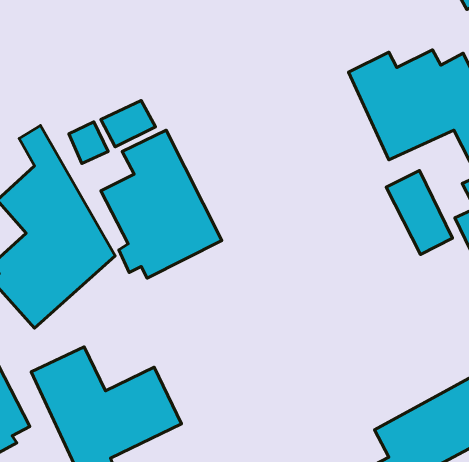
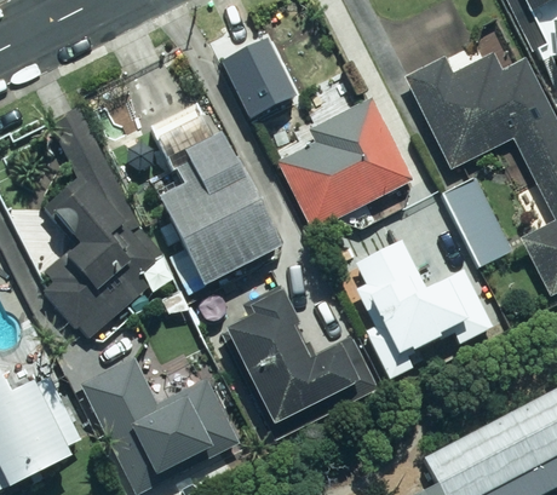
building: none -> [232,44,294,109]
building: none -> [281,97,414,230]
building: none -> [356,238,494,378]
building: none -> [209,283,357,426]

